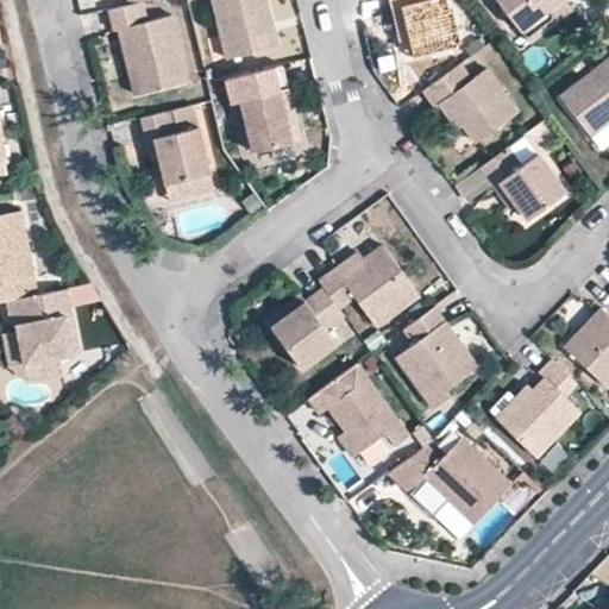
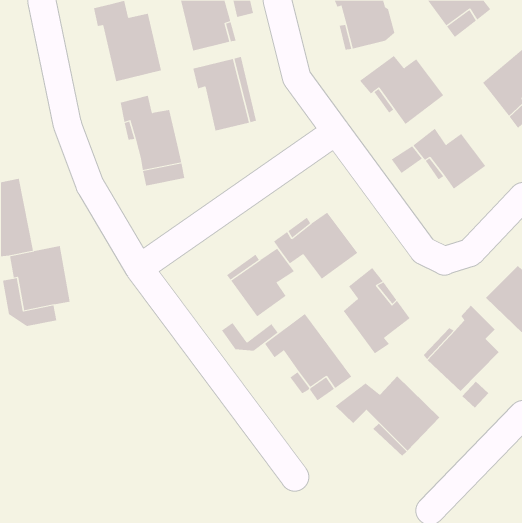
building: none -> [221,322,279,352]

